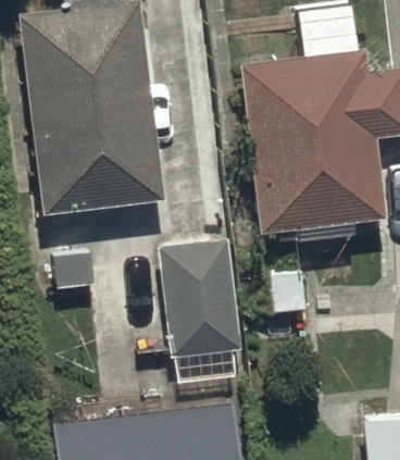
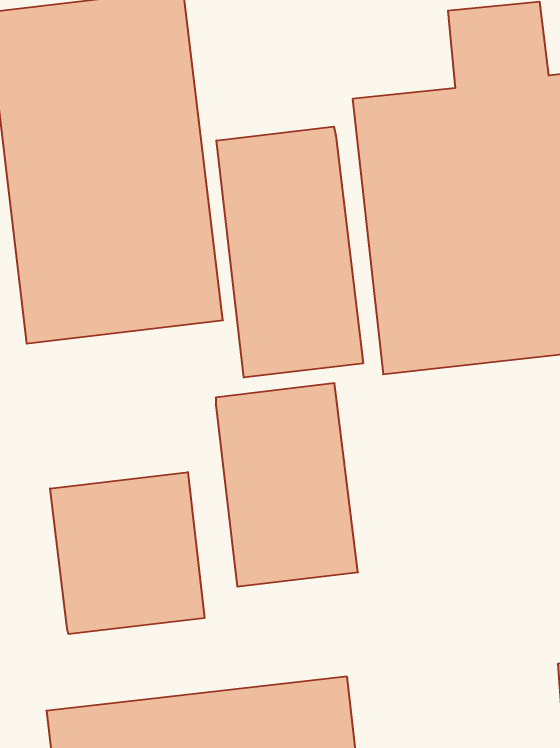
building: none -> [216,127,363,378]
building: none -> [50,472,204,634]

